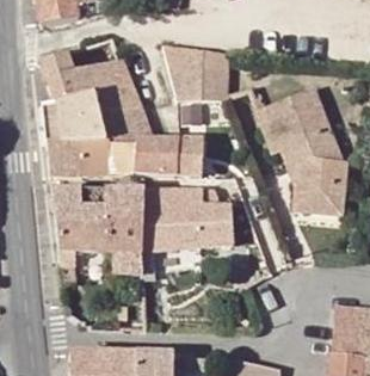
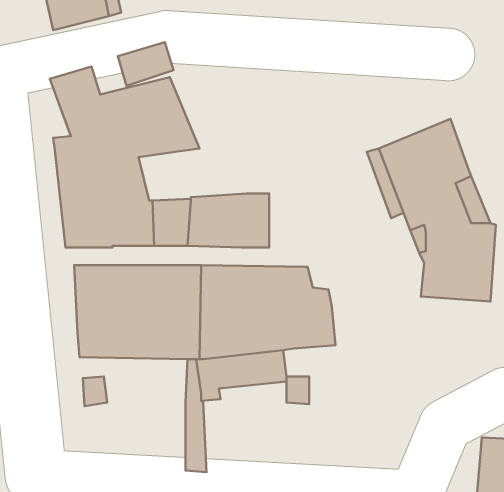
building: [164,44,229,100] -> none
building: [100,106,154,142] -> none

